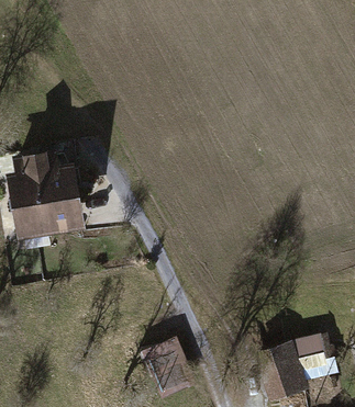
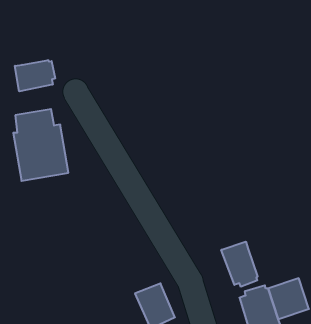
building: none -> [15,60,55,91]
building: none -> [221,242,258,287]

